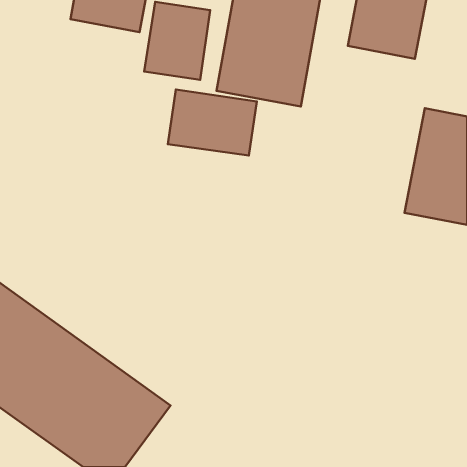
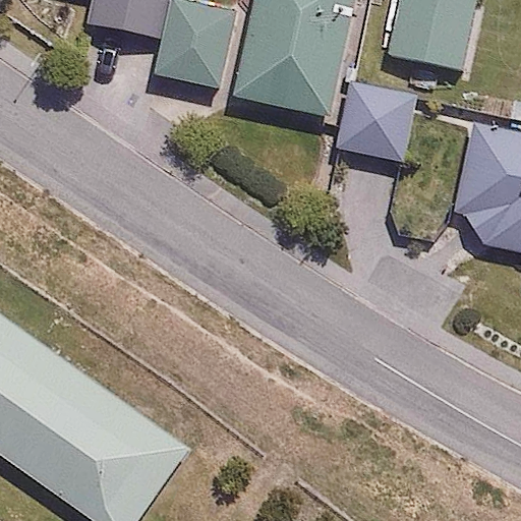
building: none -> [341,79,417,162]
building: [168,89,257,155] -> none

